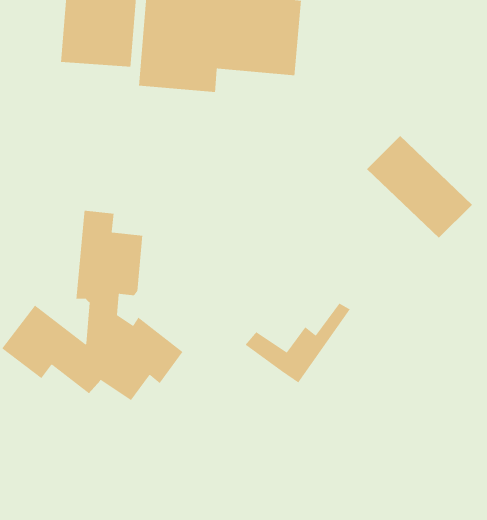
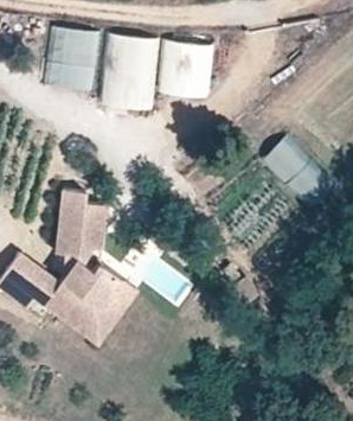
building: [244,302,351,384] -> [64,288,139,345]

